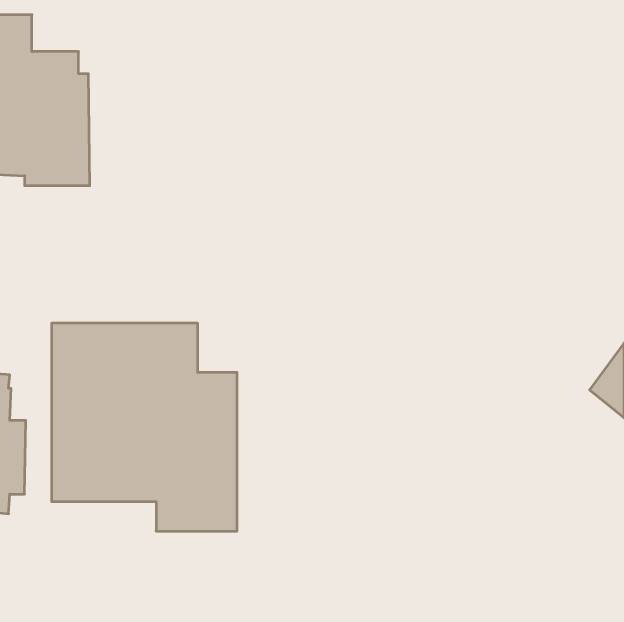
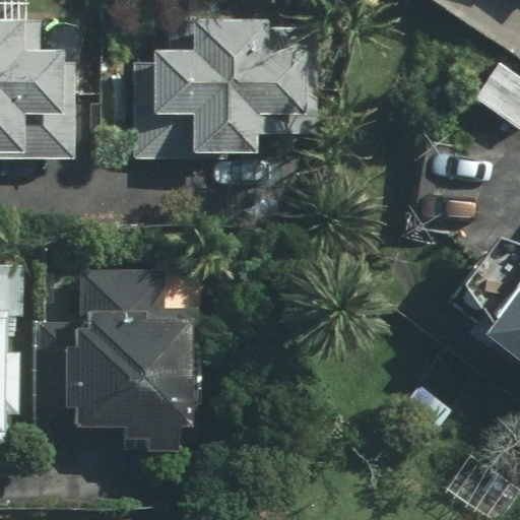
building: none -> [136,18,317,159]

